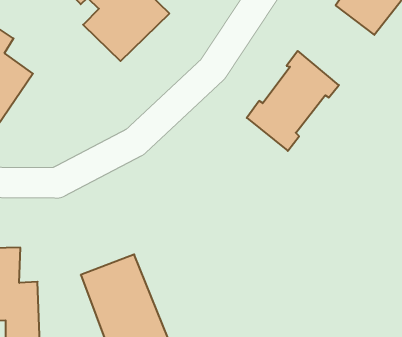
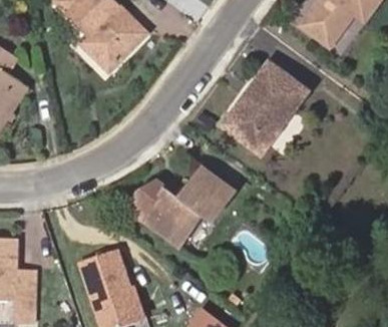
building: none -> [127,161,246,250]

